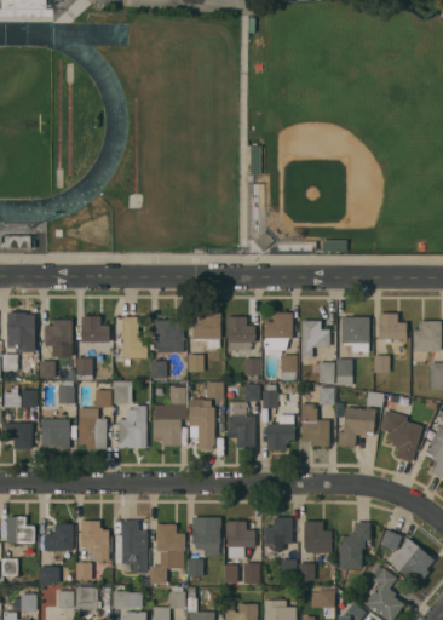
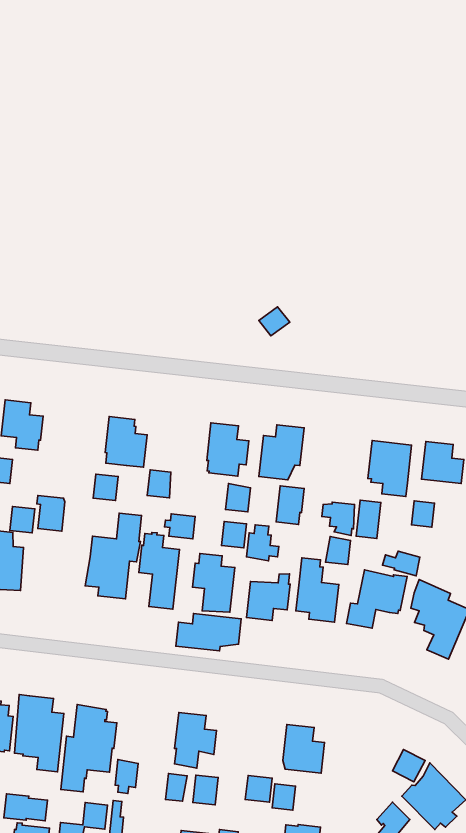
building: [191,312,220,348] -> none
building: [121,316,148,358] -> none
building: [300,320,329,357] -> none
building: [117,406,145,447] -> none
building: none -> [176,613,241,651]
building: [191,517,220,556] -> none
building: [261,517,292,555] -> none
building: [338,522,370,569] -> none

